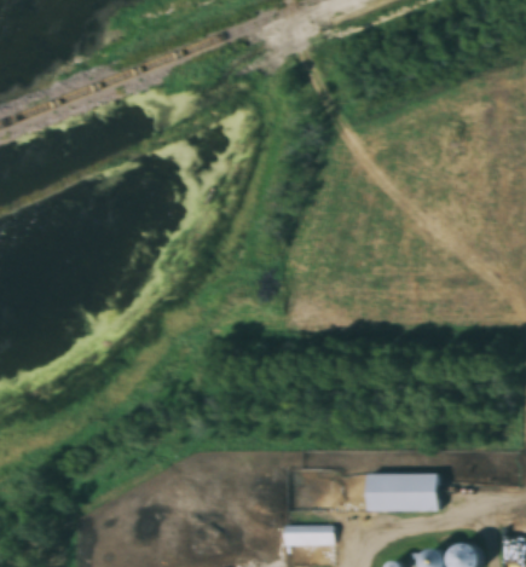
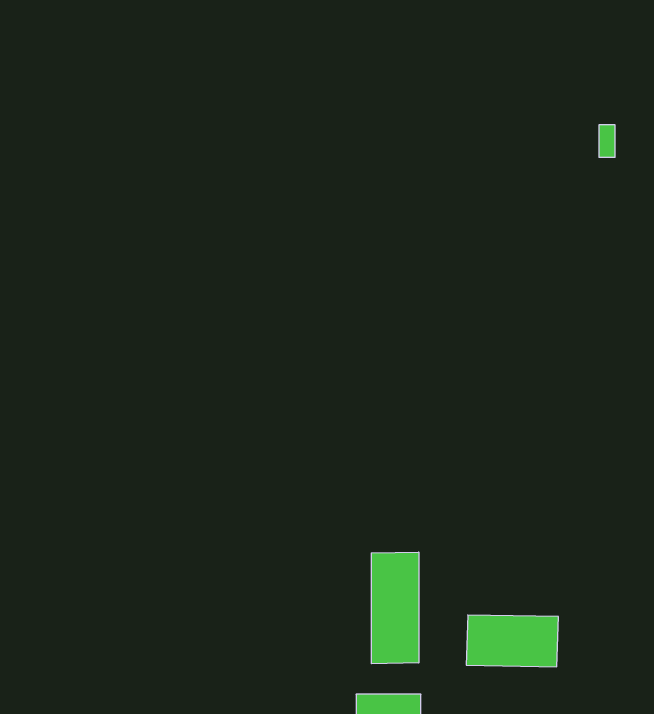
building: none -> [371,552,419,664]

